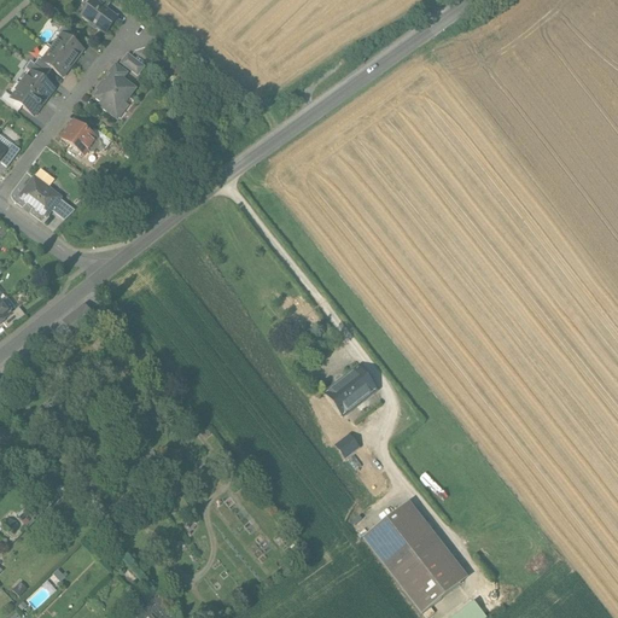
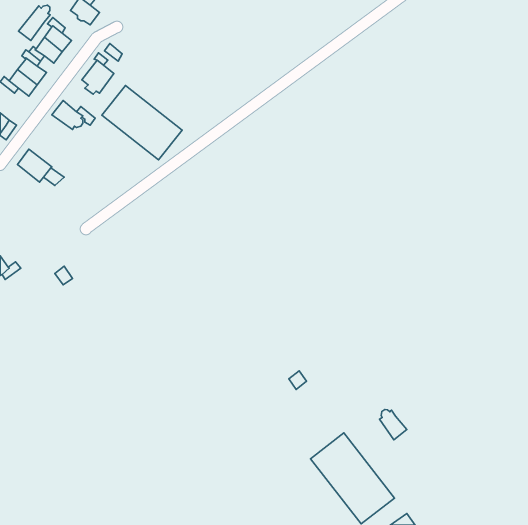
building: none -> [18,5,50,40]
building: none -> [102,85,182,160]
building: [326,365,377,413] -> none
building: none -> [379,410,407,440]

